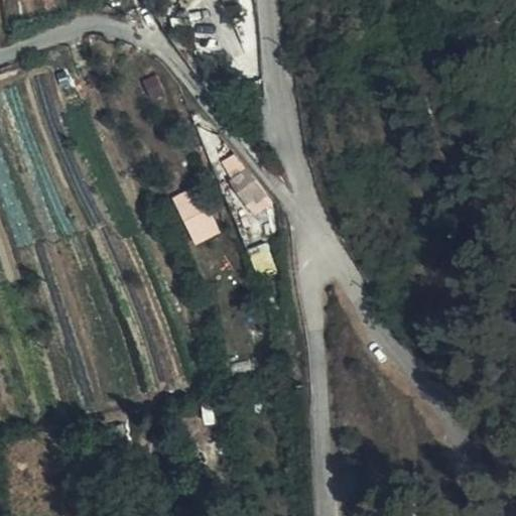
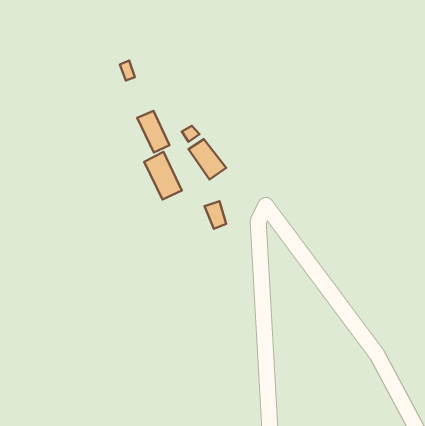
building: none -> [137,111,169,153]

